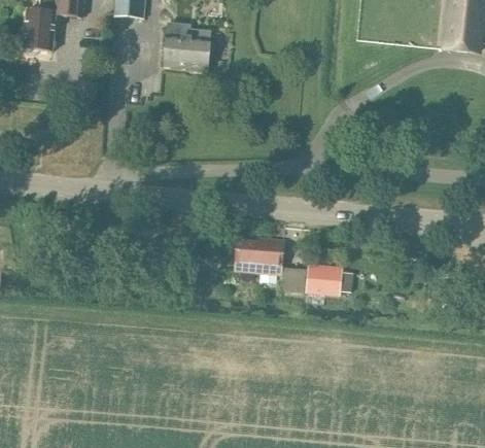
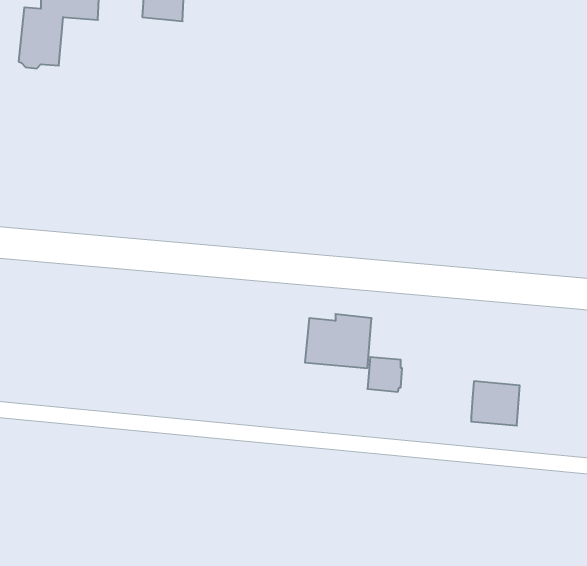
building: [165,26,212,70] -> none
building: [305,263,341,296] -> [471,381,520,426]

